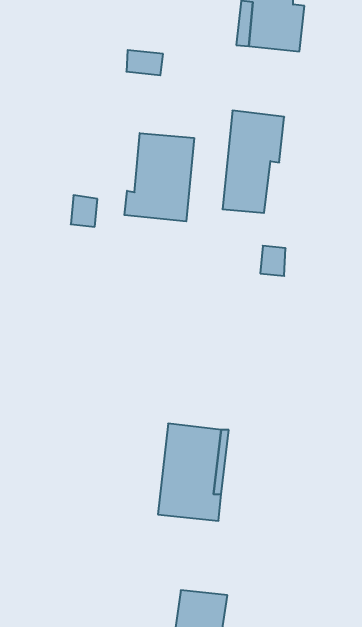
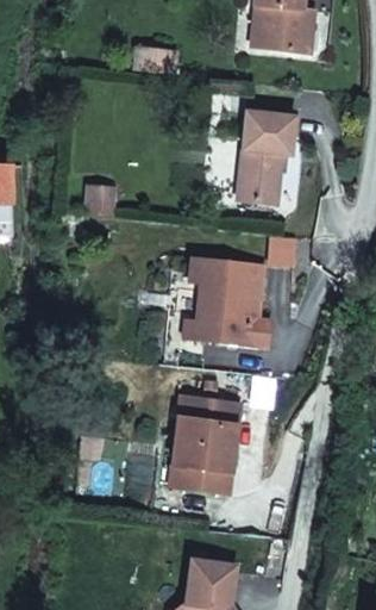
building: [124,133,194,221] -> none
building: none -> [186,264,274,350]

